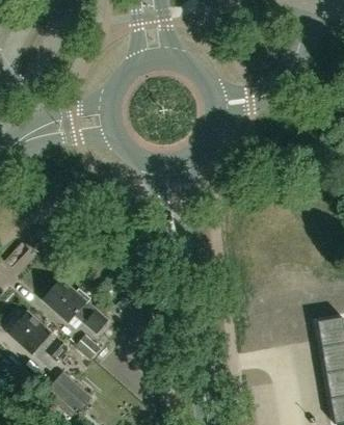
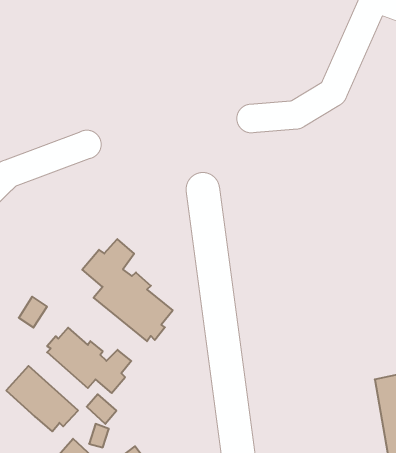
building: none -> [82,239,173,341]

